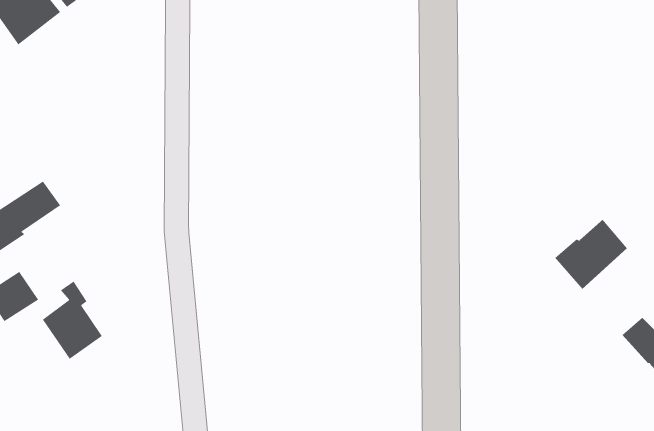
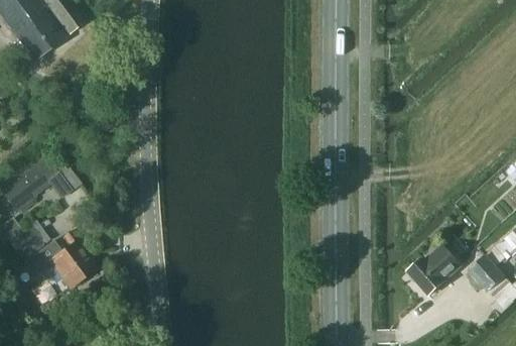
building: [554,219,628,290] -> [407,243,461,295]

